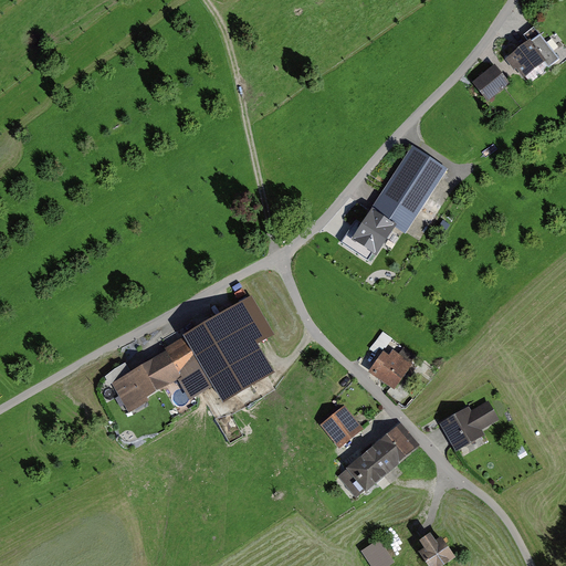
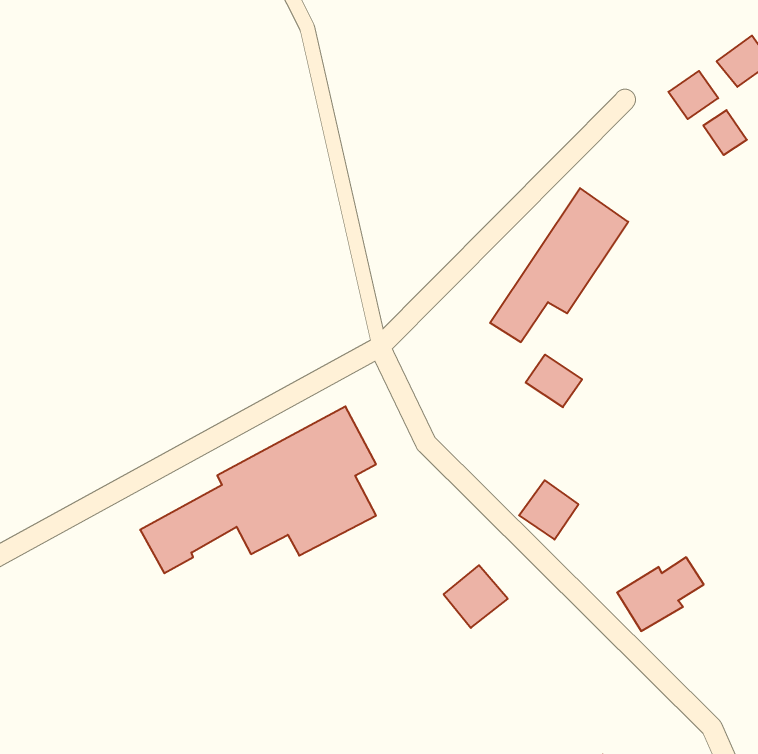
building: none -> [703,110,747,155]
building: none -> [526,355,582,407]
building: [339,424,418,495] -> none

